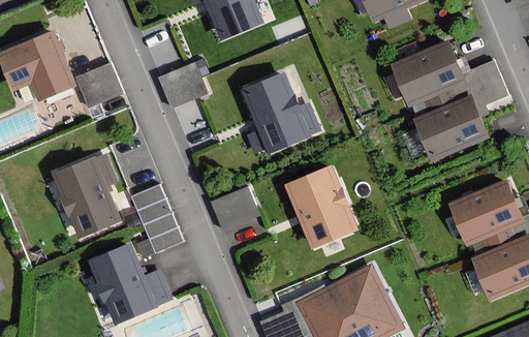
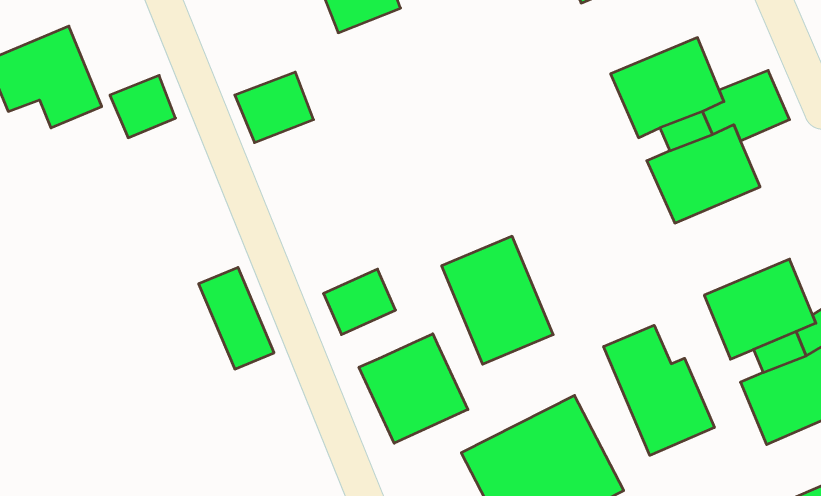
building: [244,69,317,151] -> none
building: [54,154,116,235] -> none
building: none -> [604,325,714,455]
building: none -> [359,334,468,443]
building: [92,248,167,319] -> none

